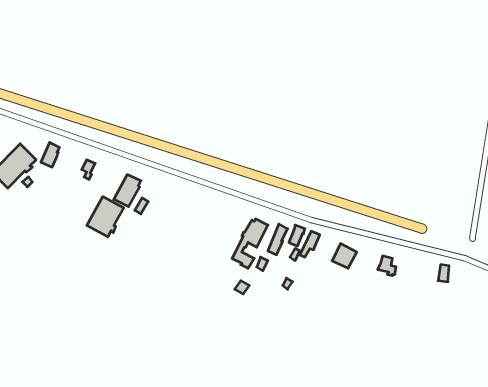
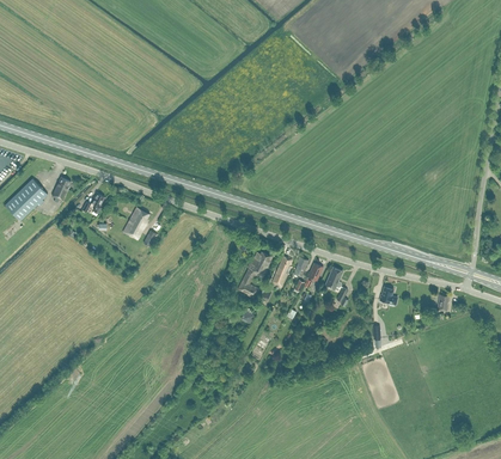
building: [87,197,124,237] -> none

